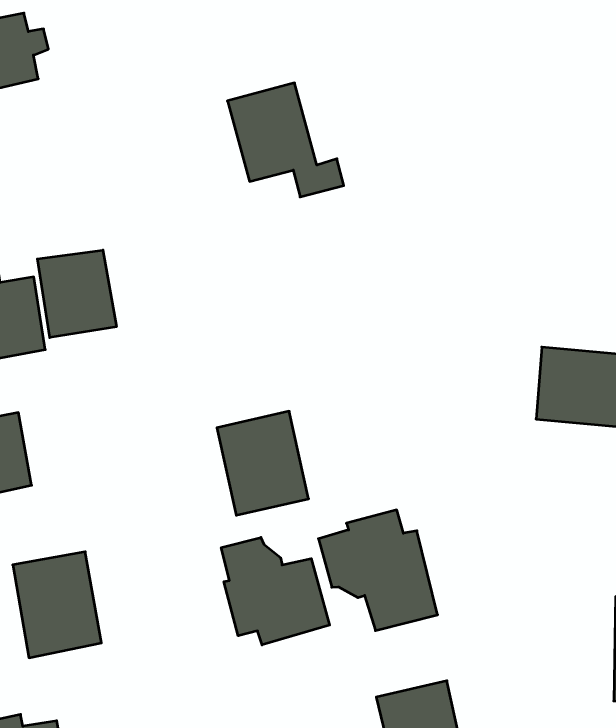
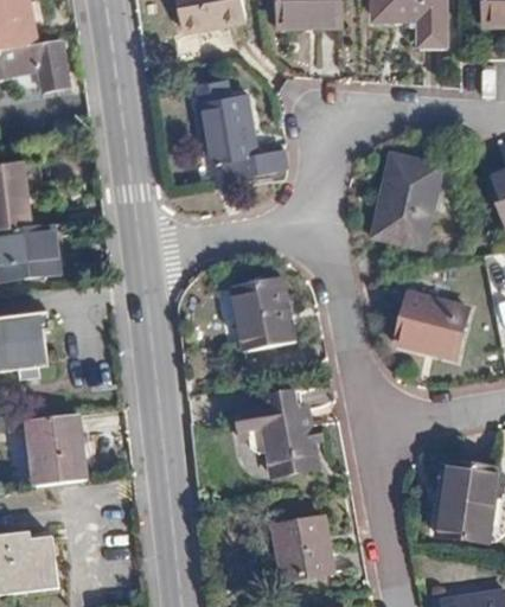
building: none -> [379,160,442,247]
building: [37,250,116,338] -> none
building: [217,411,309,515] -> [237,290,298,360]
building: [221,537,330,645] -> none

